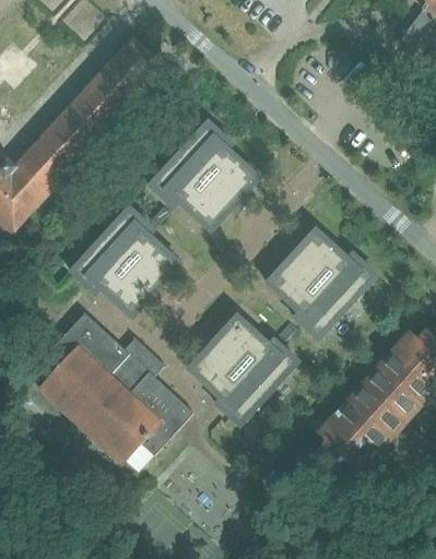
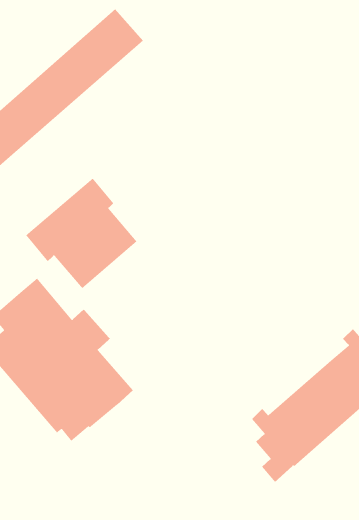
building: [148,119,258,230] -> none
building: [264,227,375,337] -> none
building: [186,313,297,425] -> none

